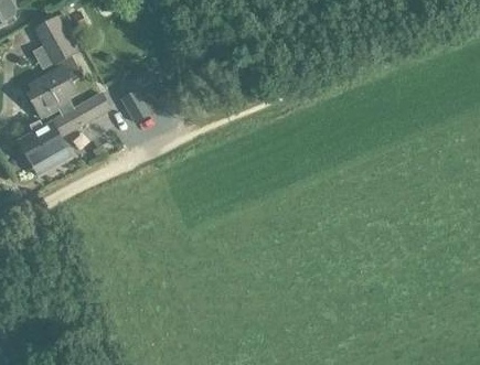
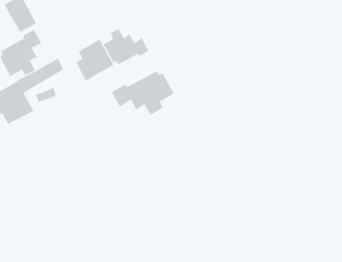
building: none -> [103,28,149,65]
building: none -> [111,70,175,116]

